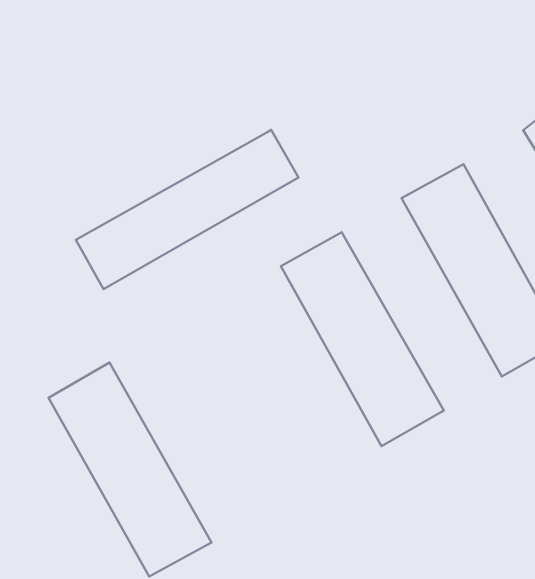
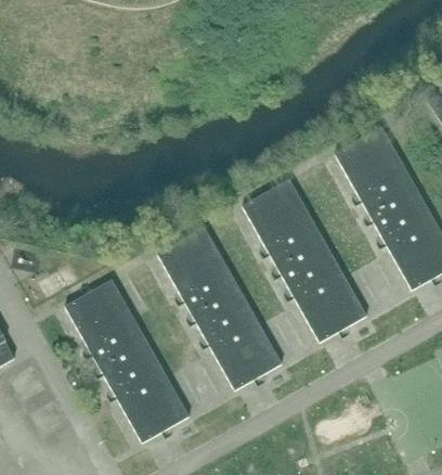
building: [76,130,299,289] -> none
building: none -> [157,227,283,390]

